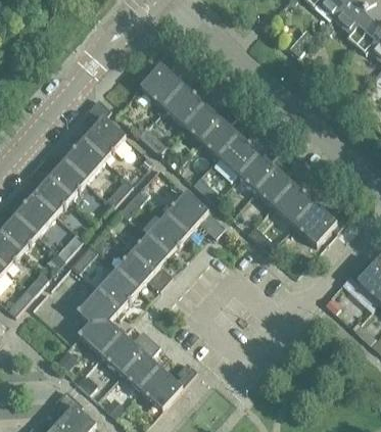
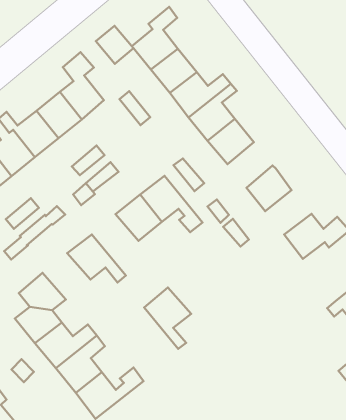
building: none -> [96,26,133,64]
building: [238,145,290,190] -> none
building: [277,186,317,225] -> none
building: [132,231,173,282] -> [144,287,191,349]
building: [95,271,137,310] -> none

